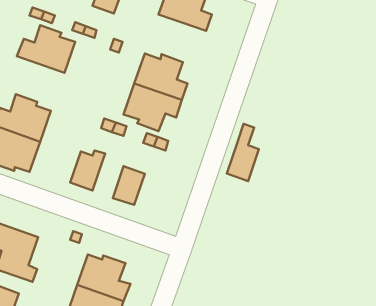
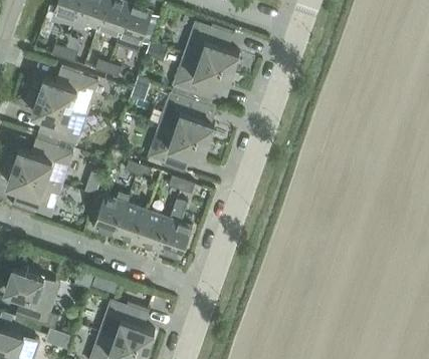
building: none -> [173,52,233,101]
building: none -> [31,95,86,143]
building: [227,124,259,181] -> [159,198,192,257]
building: none -> [116,202,148,242]

